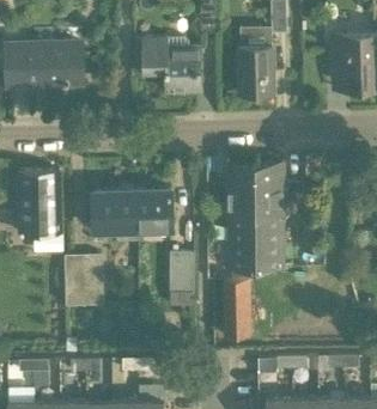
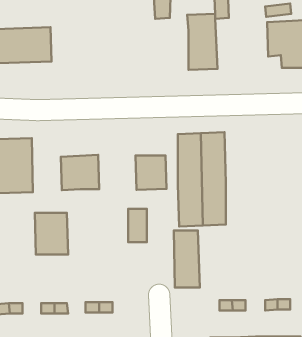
building: [142,37,201,91] -> none
building: [136,189,172,228] -> [135,156,167,190]

